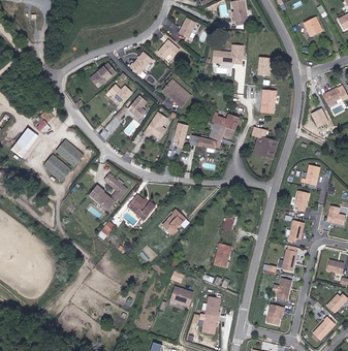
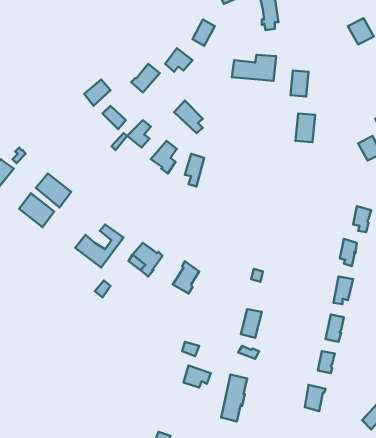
building: [189,110,238,149] -> none
building: [252,128,279,156] -> none

